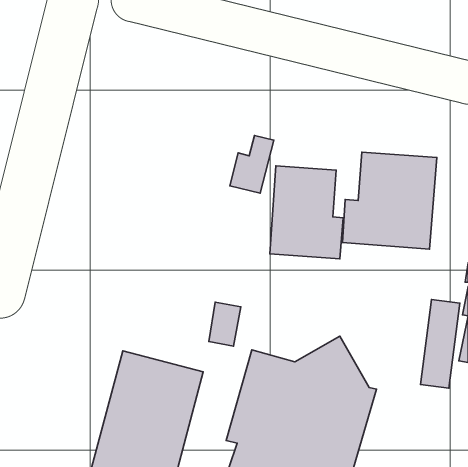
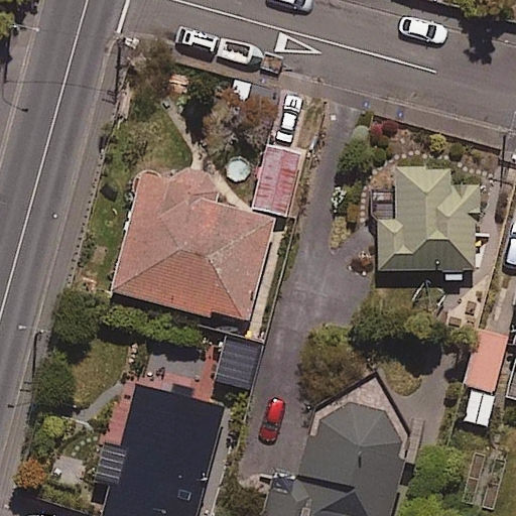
building: none -> [113,182,272,324]
building: [270,166,343,259] -> none

